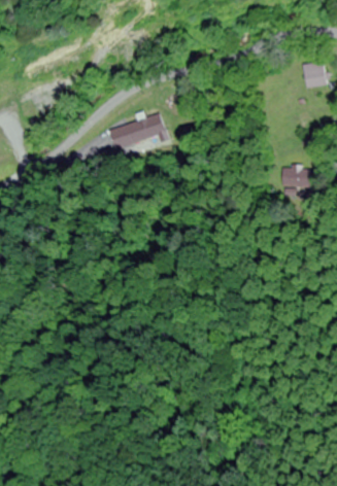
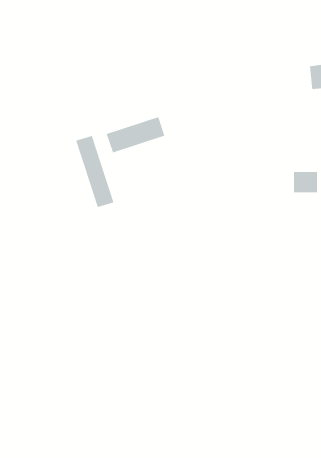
building: none -> [76,135,114,208]

